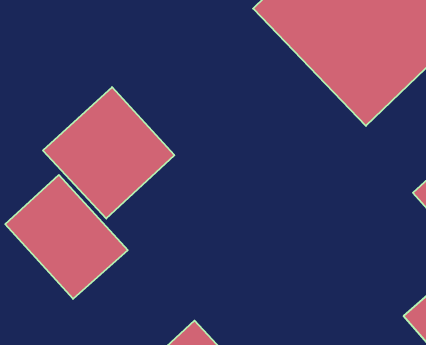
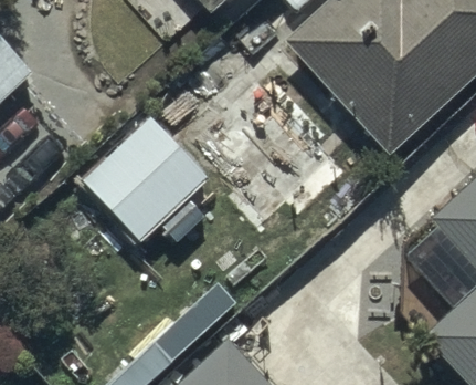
building: [5,175,128,299] -> none

